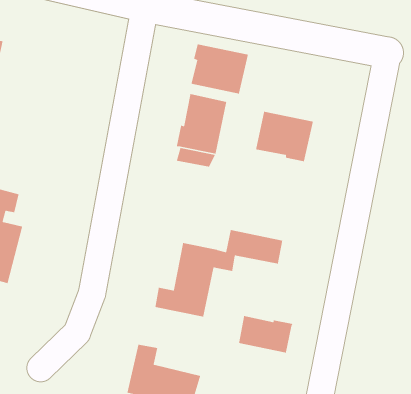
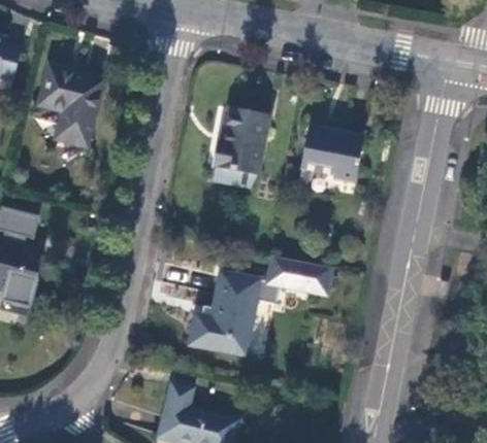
building: [190,44,249,94] -> none
building: none -> [39,65,105,148]
building: [238,315,293,353] -> none

